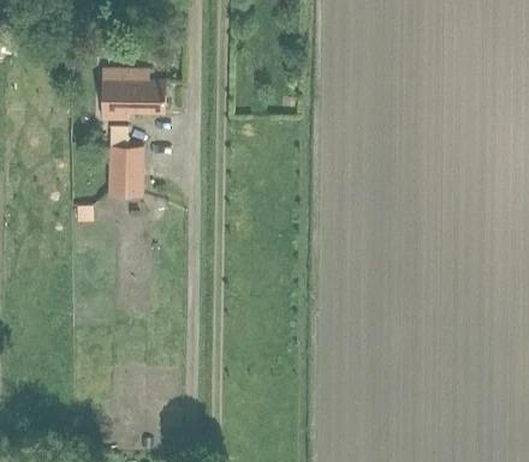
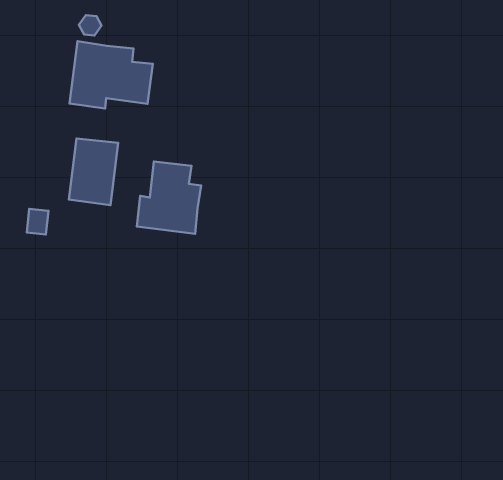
building: none -> [137,162,201,234]

